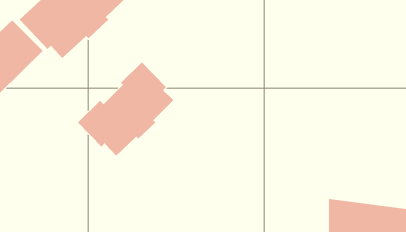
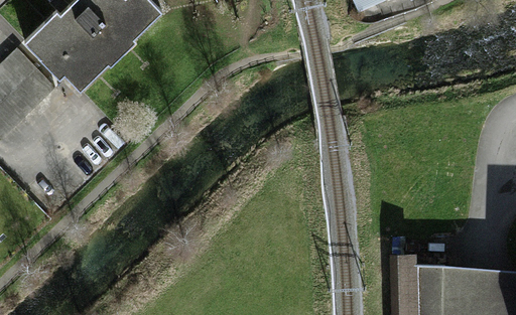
building: [77,61,174,157] -> none

